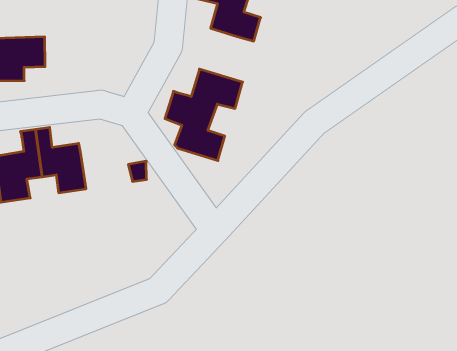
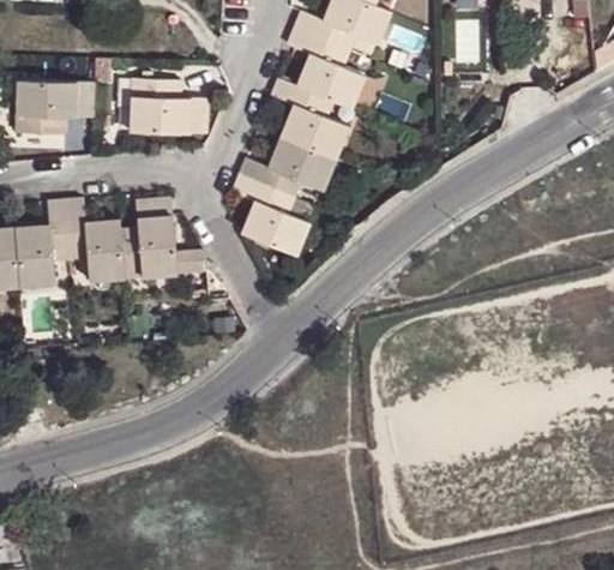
building: none -> [270,80,347,158]
building: none -> [124,78,199,136]
building: none -> [124,198,180,277]

